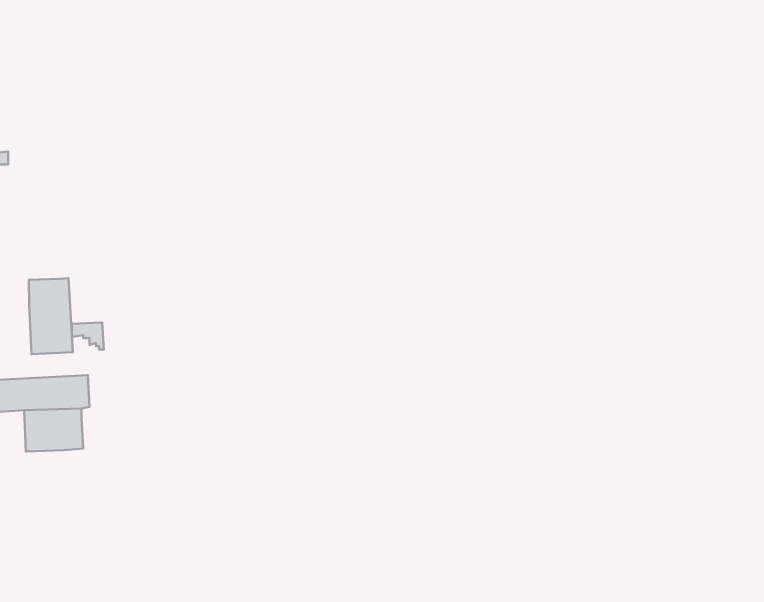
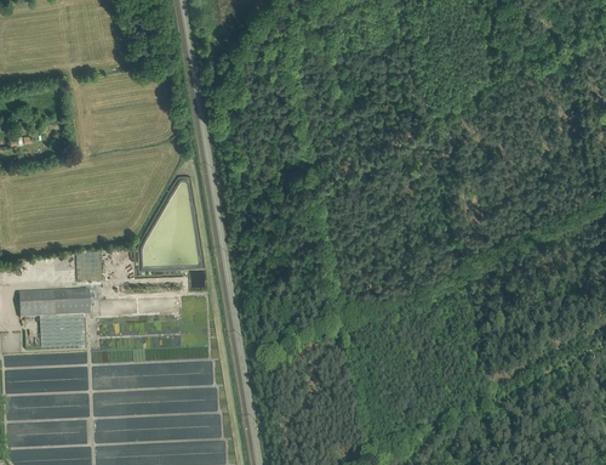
building: [29,278,73,354] -> none

